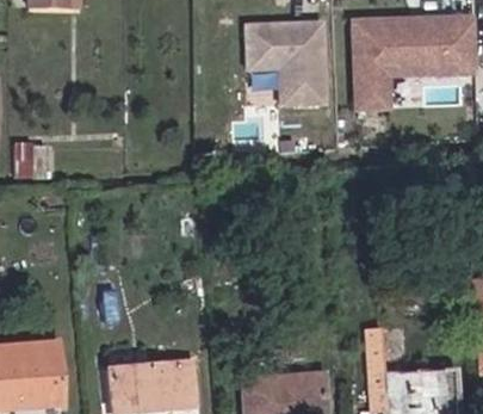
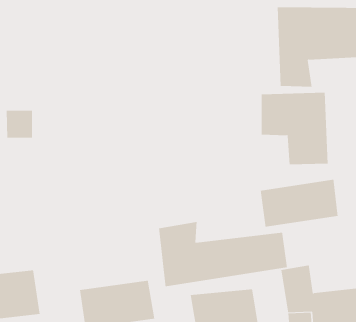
building: [244,23,328,112] -> [261,92,328,165]
building: none -> [260,179,338,228]
building: none -> [159,221,288,287]

